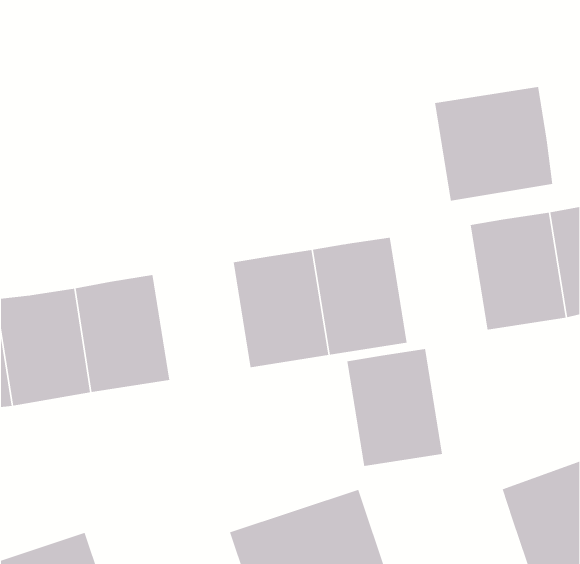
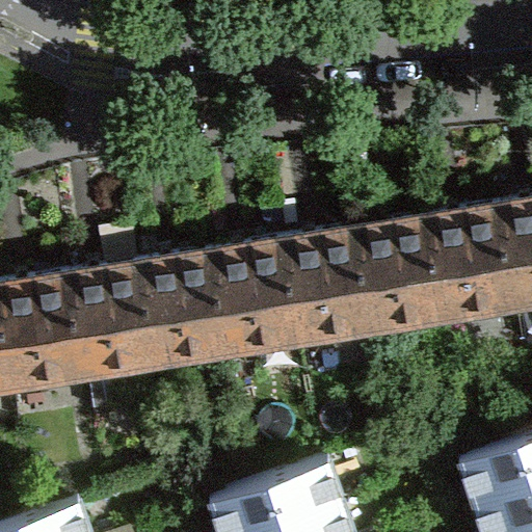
building: [435,86,553,202] -> none
building: none -> [140,255,229,363]
building: [346,349,443,467] -> [357,220,446,328]

